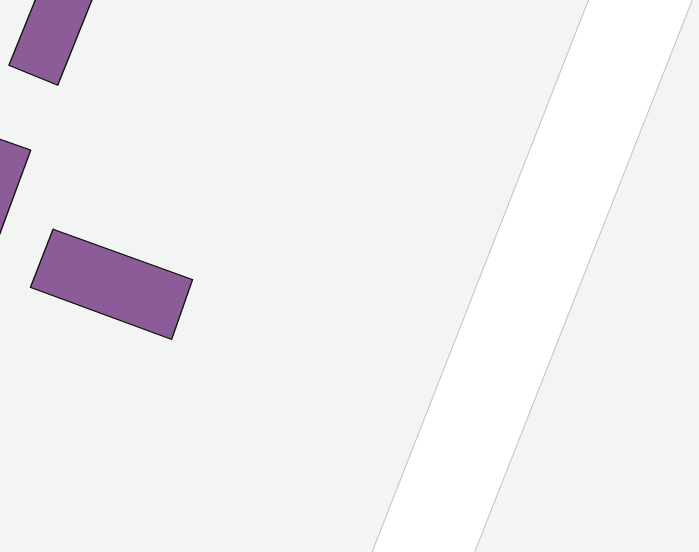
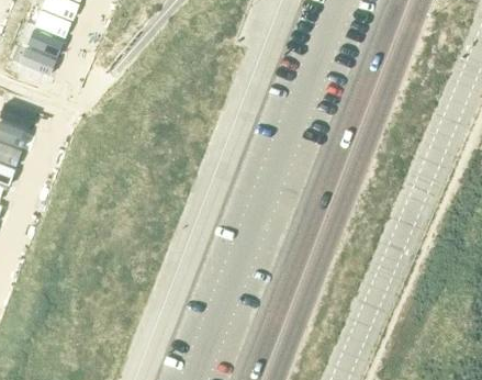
building: [30,229,193,339] -> none

